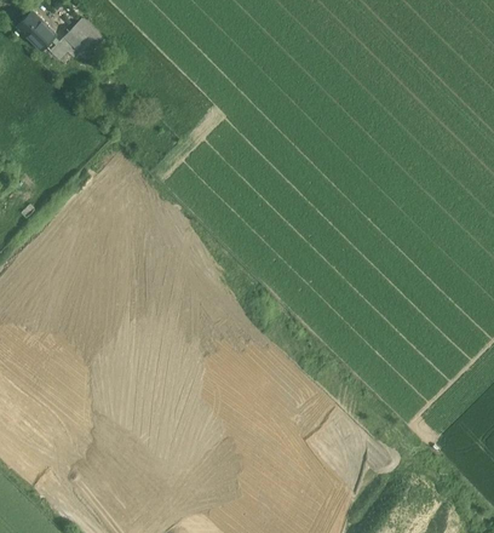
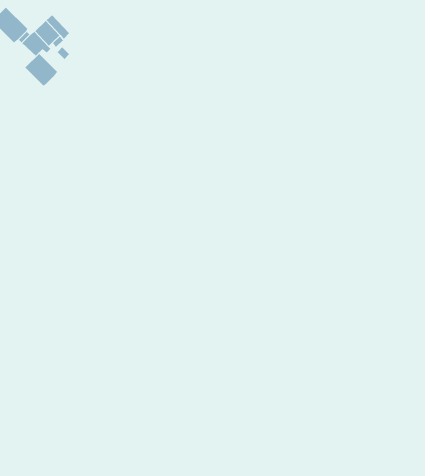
building: none -> [25,53,58,86]

